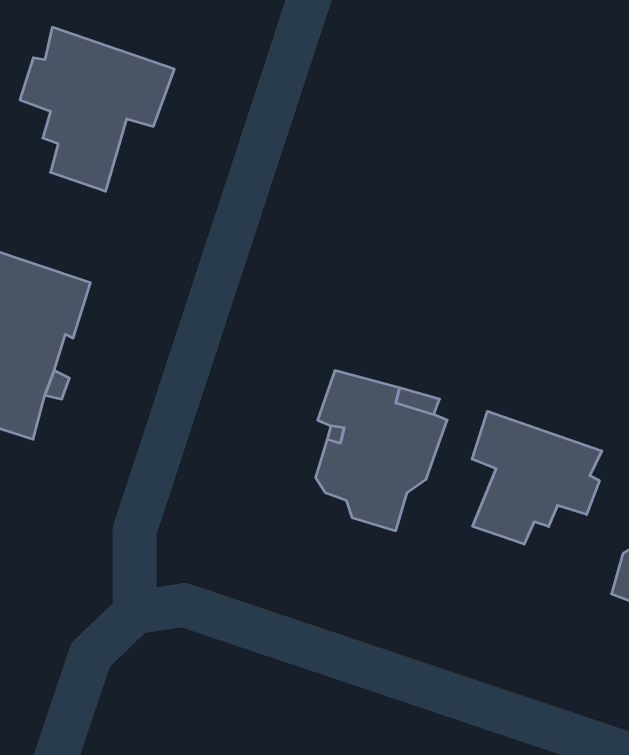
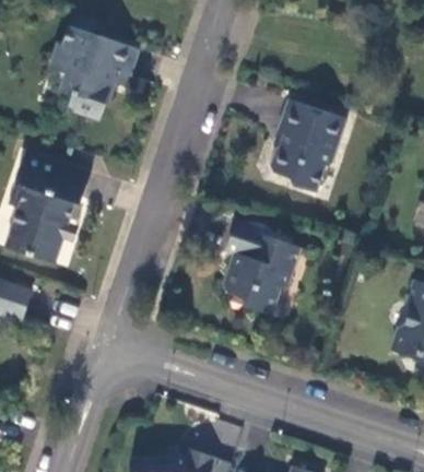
building: none -> [267,98,344,188]
building: [472,411,602,544] -> none

